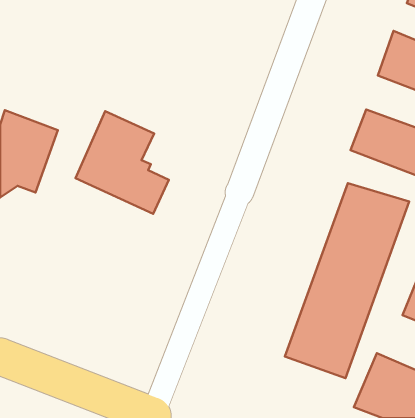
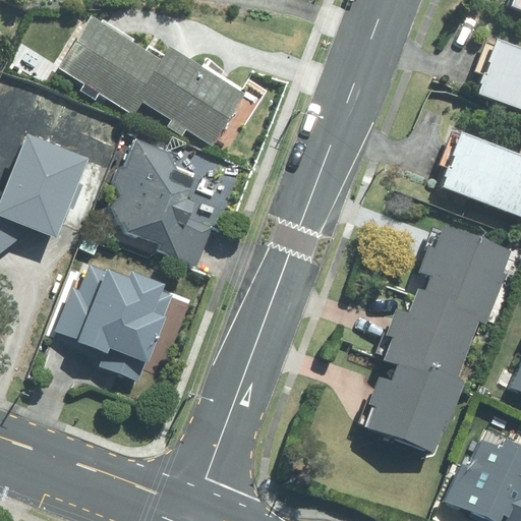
building: none -> [57,12,245,142]
building: none -> [55,263,164,393]

